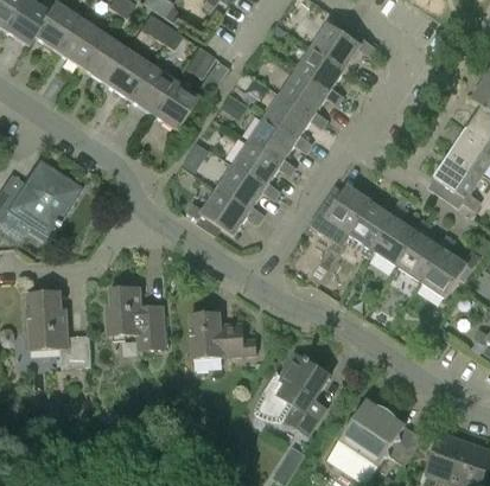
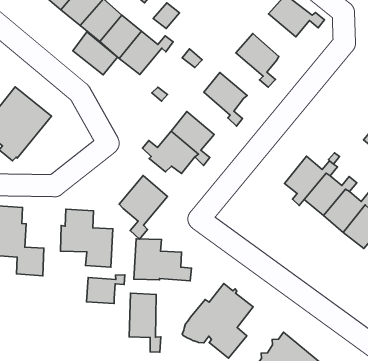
building: [297,46,345,104] -> none
building: none -> [73,32,118,75]
building: [265,94,313,151] -> none
building: [233,141,281,199] -> none
building: [310,184,371,244] -> none
building: none -> [119,176,168,239]
building: none -> [86,275,125,304]
building: none -> [129,293,161,352]

